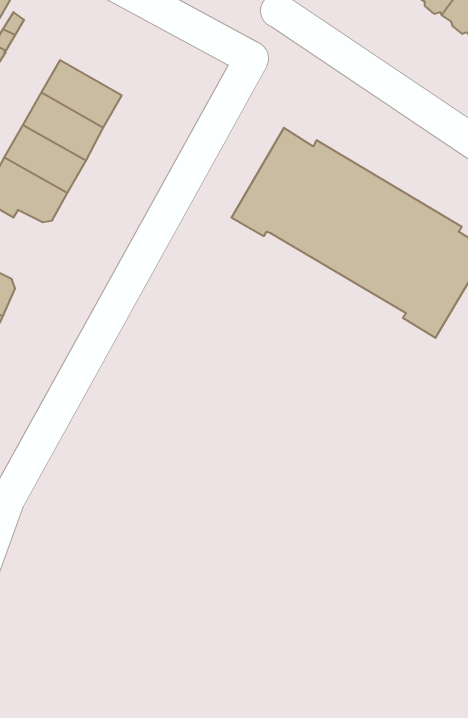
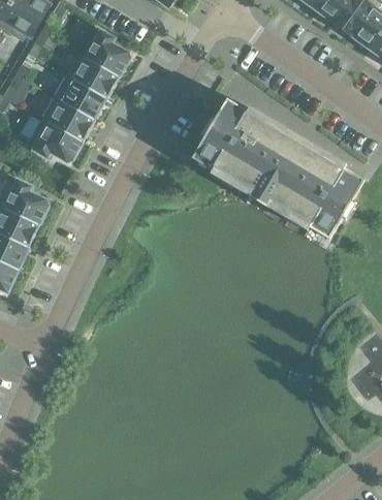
building: none -> [77,31,129,77]

